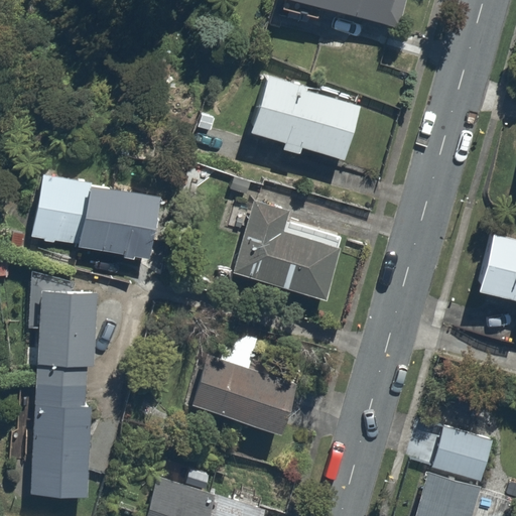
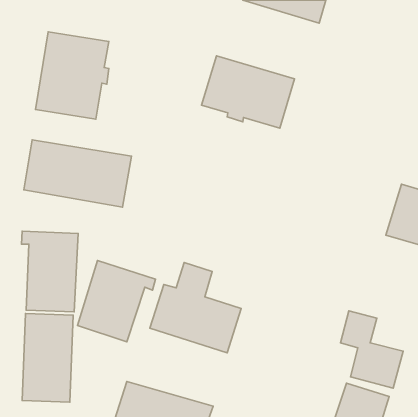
building: none -> [35,32,109,119]
building: [231,204,336,299] -> none
building: none -> [78,261,156,342]

